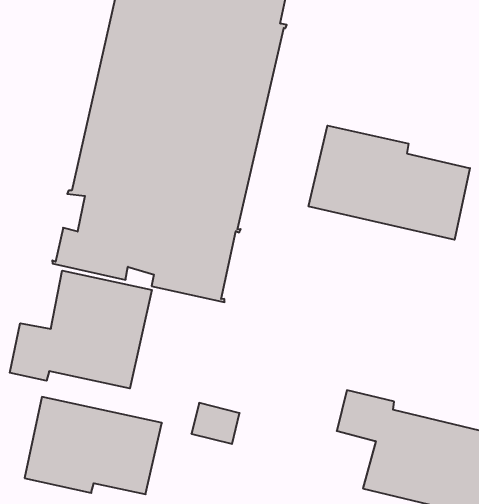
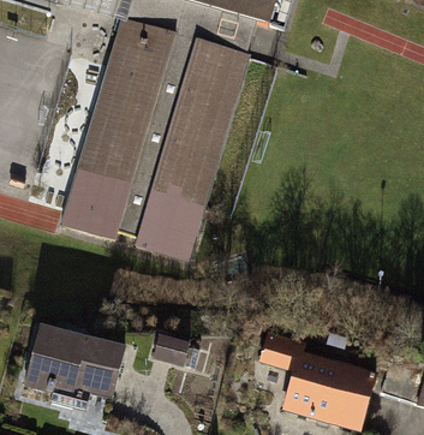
building: [309,126,470,240] -> none
building: [10,271,152,388] -> none

